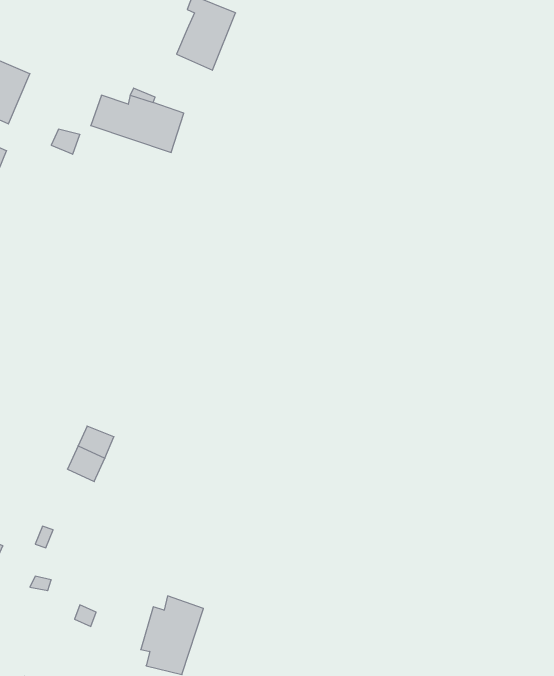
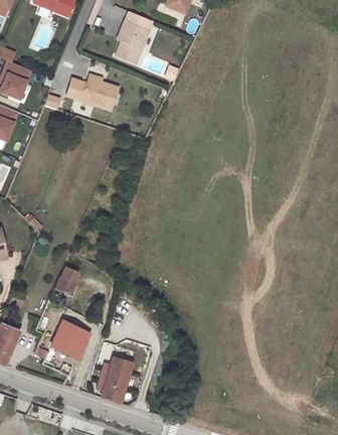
building: none -> [49,320,88,357]

